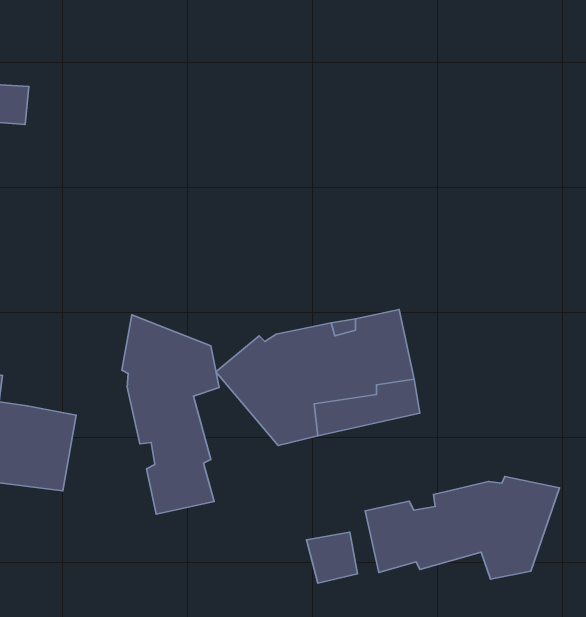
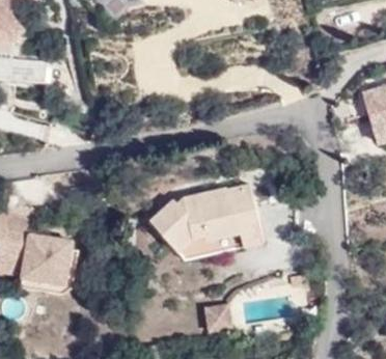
building: [122,315,219,514] -> none
building: [365,476,559,579] -> none

